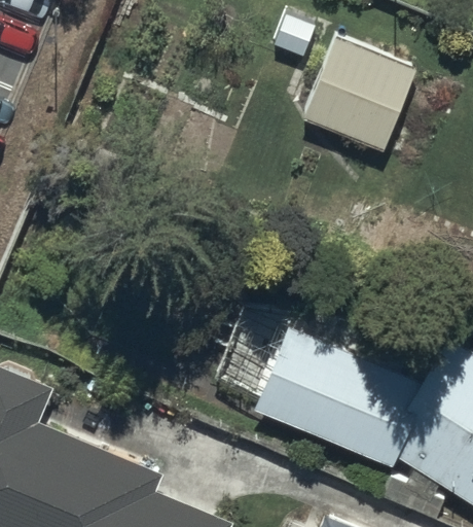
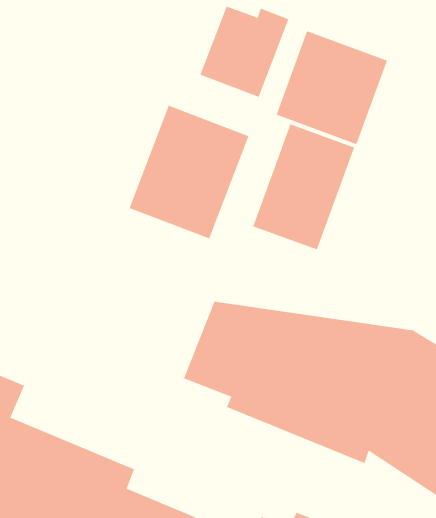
building: none -> [129,105,249,239]
building: none -> [253,124,355,250]

